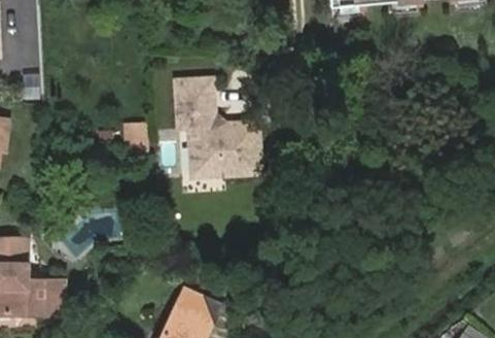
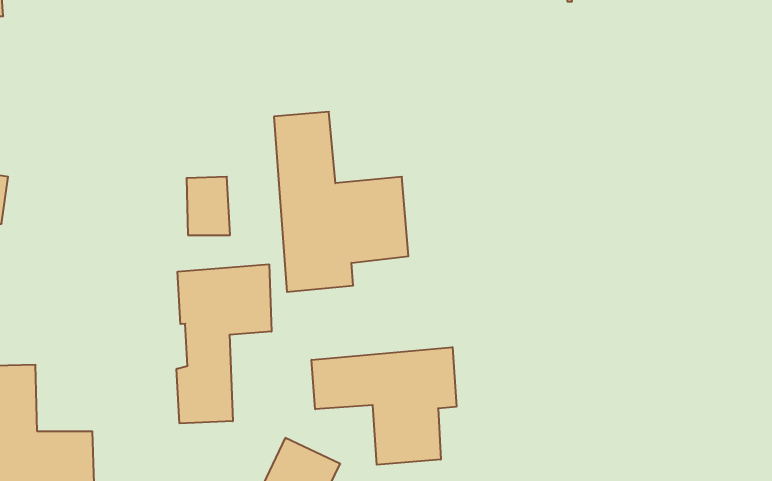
building: none -> [177,264,271,423]
building: none -> [312,347,456,465]

